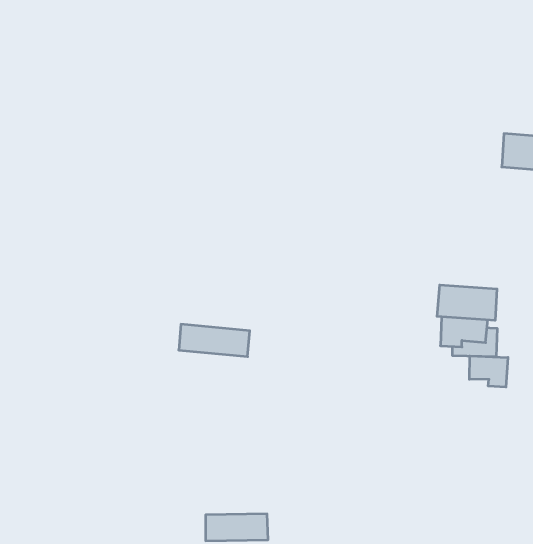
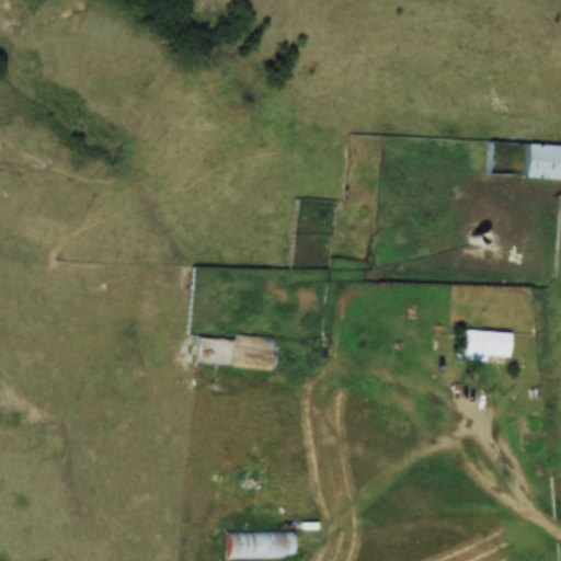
building: [437,285,497,320] -> none
building: [469,356,508,387] -> none

